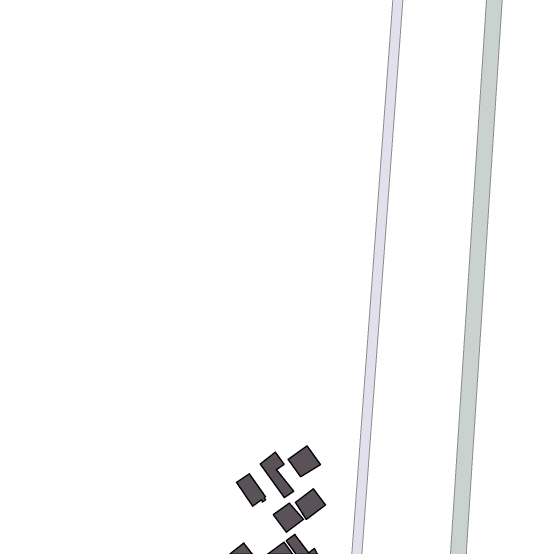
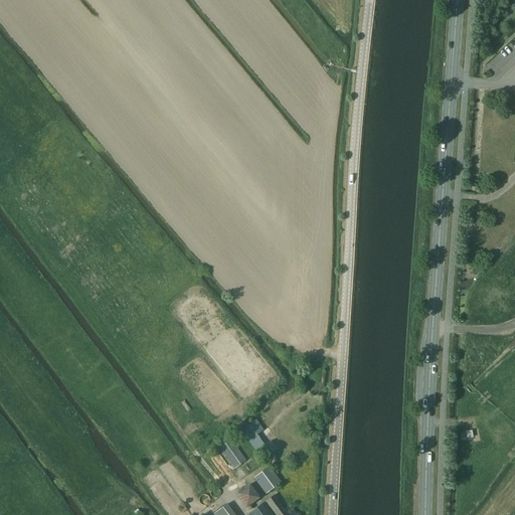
building: [288,446,320,477] -> none
building: [295,489,325,519] -> none

